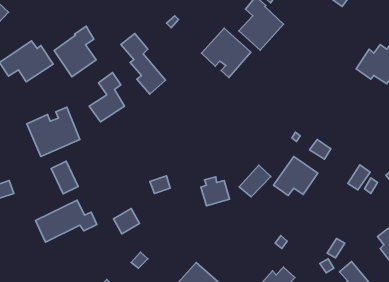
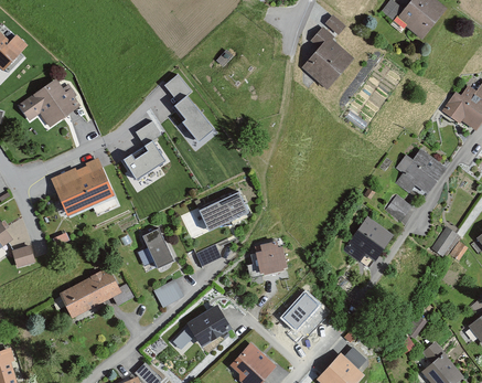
building: [54,26,96,77] -> none
building: [202,28,251,77] -> none
building: none -> [394,149,447,195]
building: none -> [200,191,249,232]
building: [51,161,78,194] -> [141,228,173,267]
building: [239,165,271,197] -> [281,290,319,328]
building: none -> [189,305,233,345]

